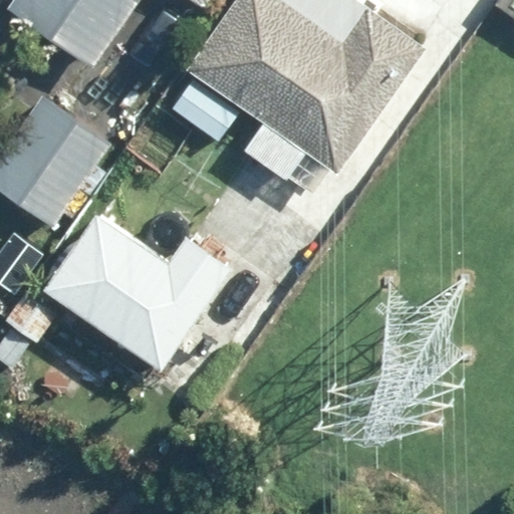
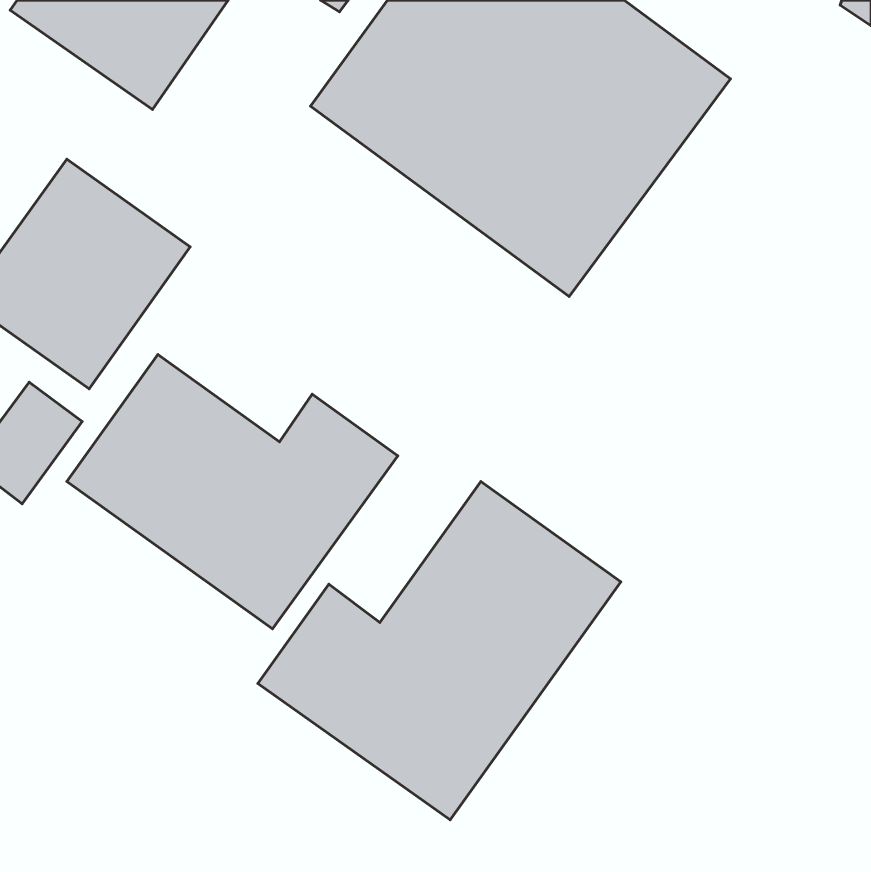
building: none -> [258,482,621,820]

